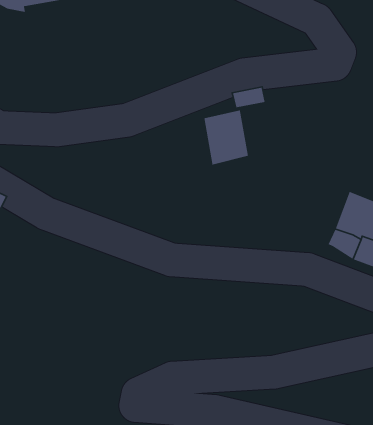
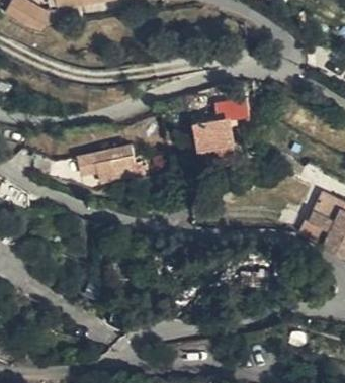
building: none -> [94,140,143,175]

